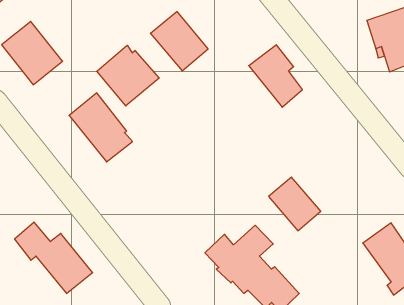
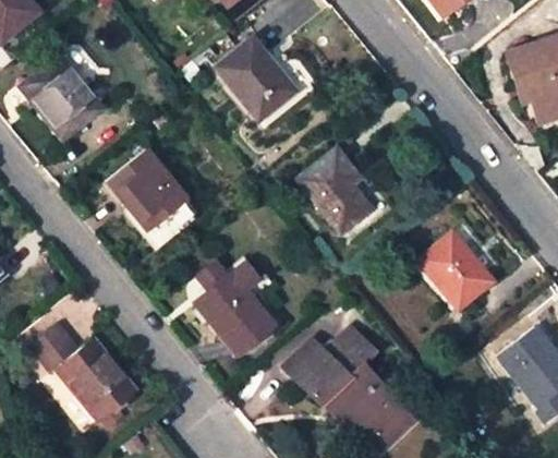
building: [249,45,302,107] -> [298,148,369,232]
building: [97,45,159,106] -> none
building: none -> [195,256,272,354]
building: [269,177,321,231] -> [421,232,490,304]

